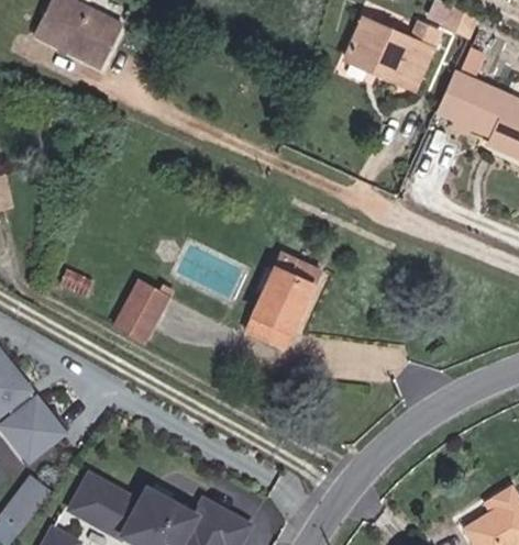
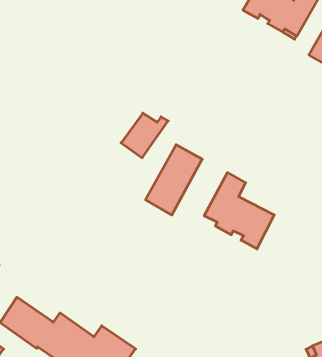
building: none -> [204,173,274,249]
building: [114,275,173,333] -> [121,113,168,158]

